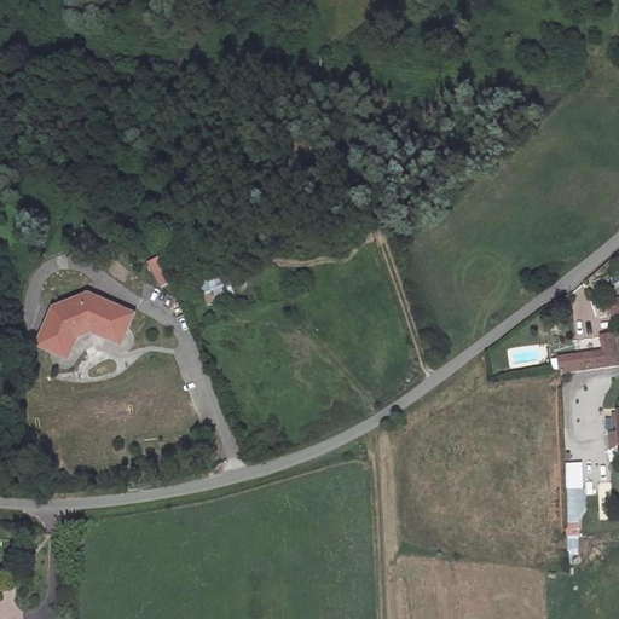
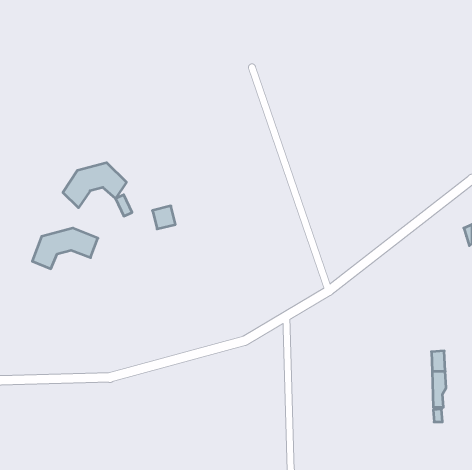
building: none -> [63,163,126,208]
building: [571,334,612,370] -> none

